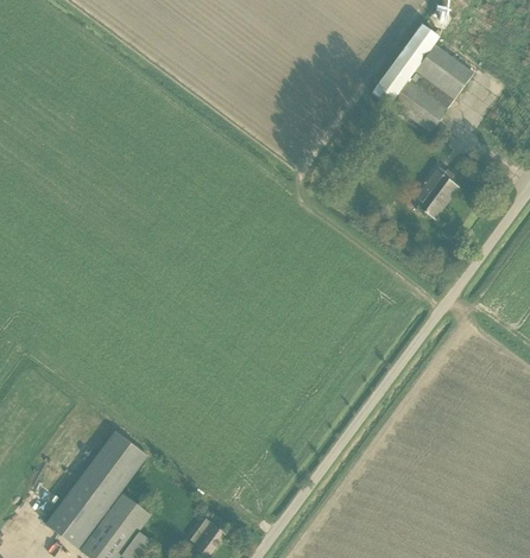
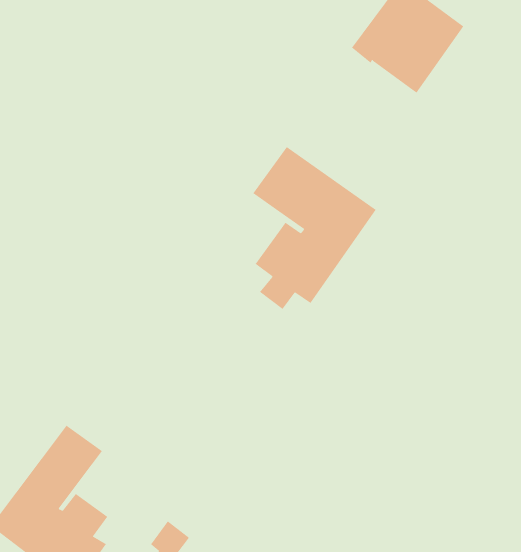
building: [416,165,459,218] -> none
building: none -> [252,146,376,310]

